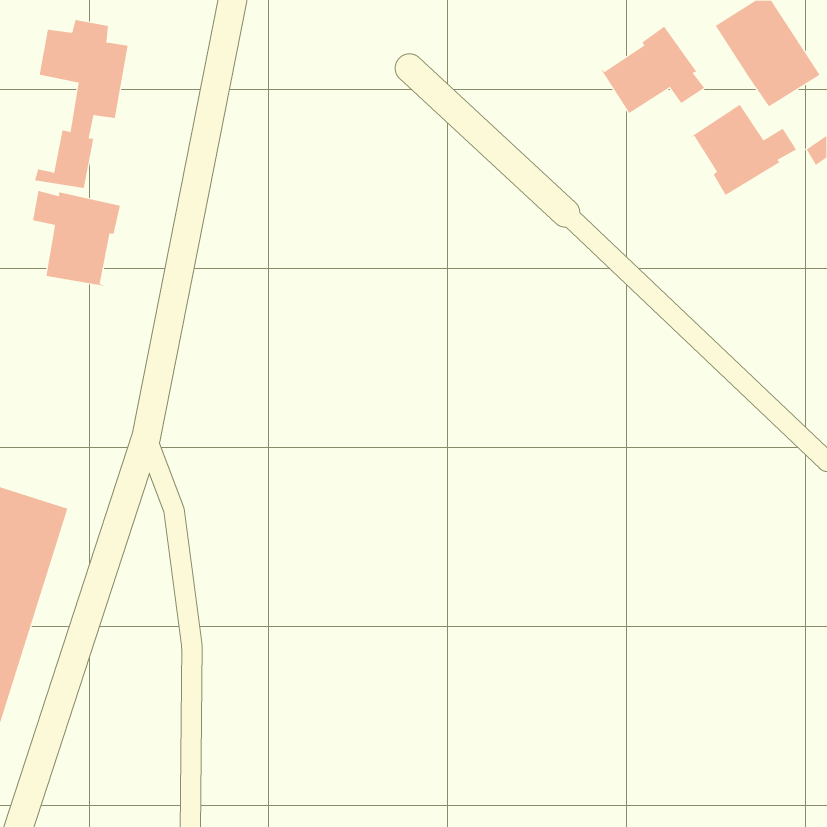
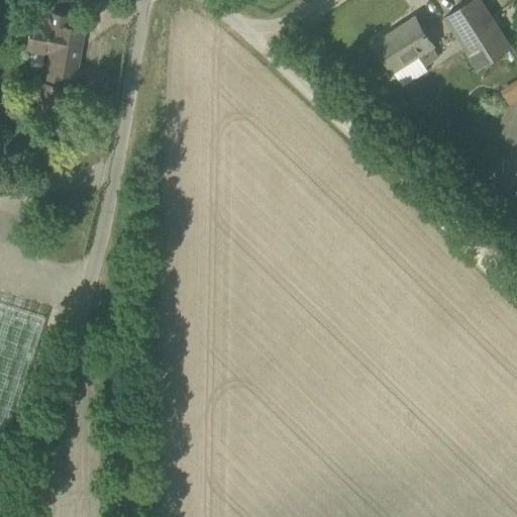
building: [688,104,797,196] -> none
building: [32,190,120,287] -> none

